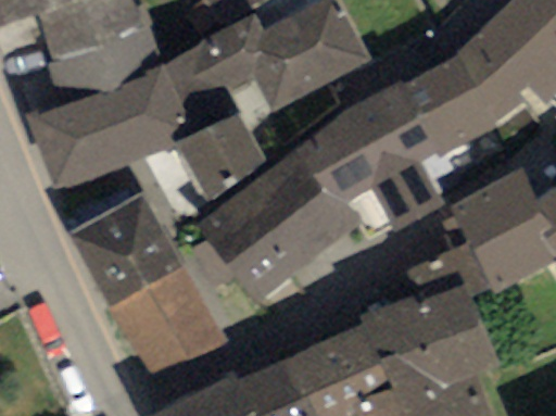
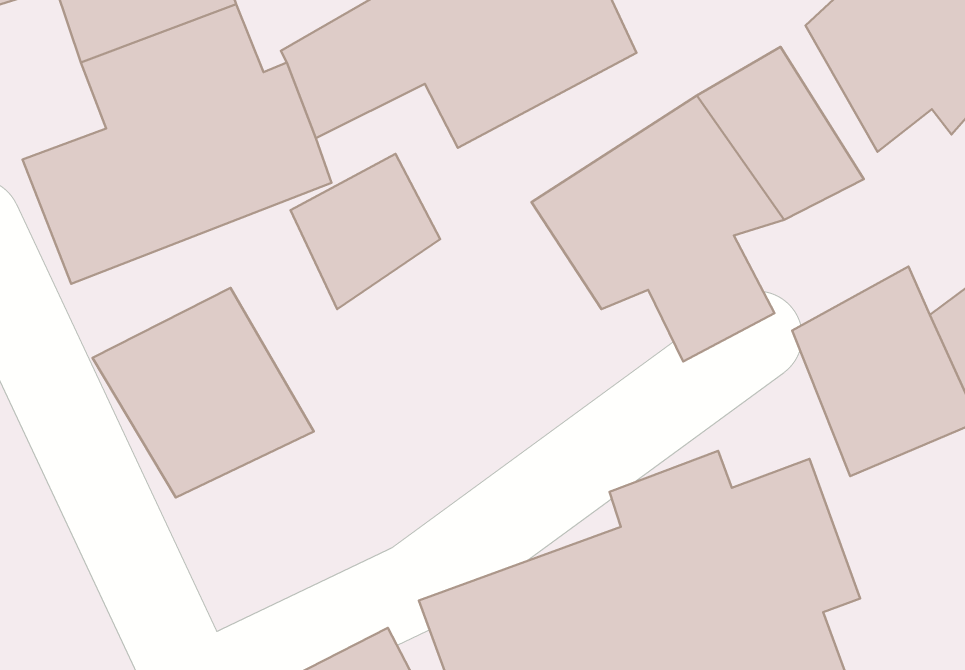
building: [197,143,361,306] -> none
building: [112,272,231,395] -> none

